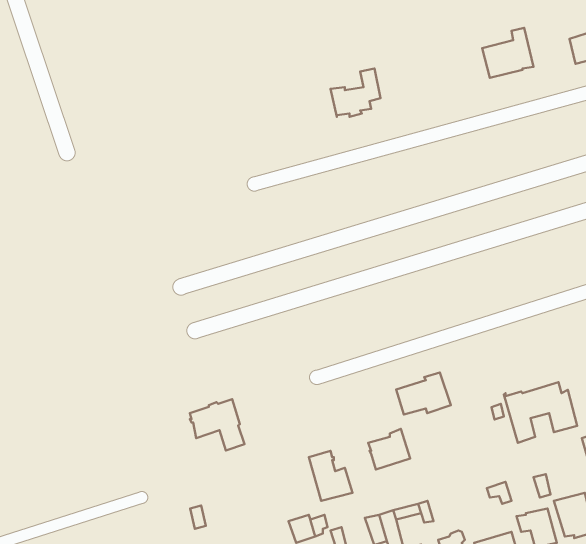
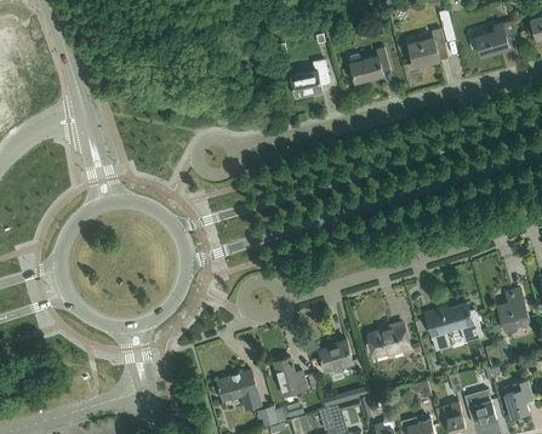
building: none -> [347,46,389,84]
building: [396,372,451,415] -> [367,322,410,355]
building: [190,399,245,451] -> [217,370,259,410]

